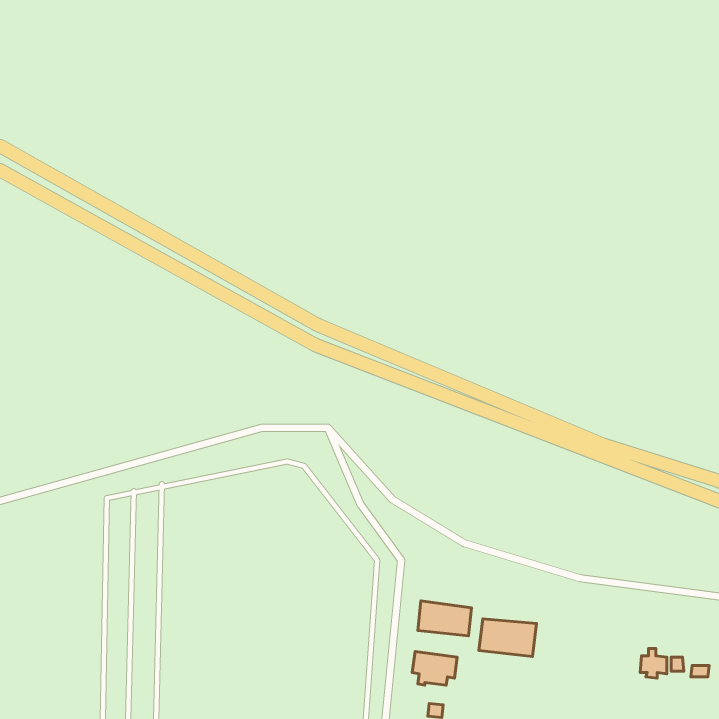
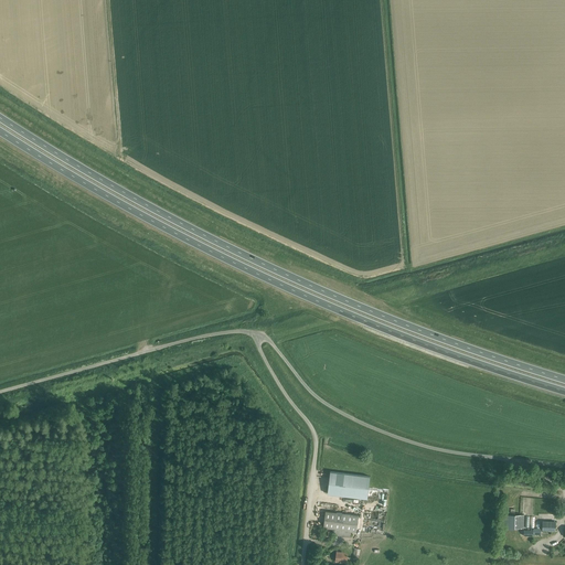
building: [479,619,537,657] -> none

